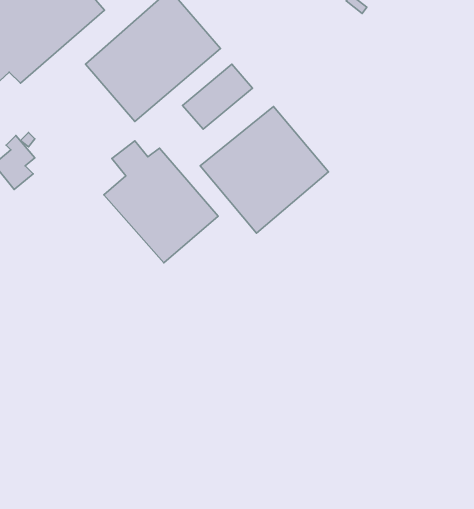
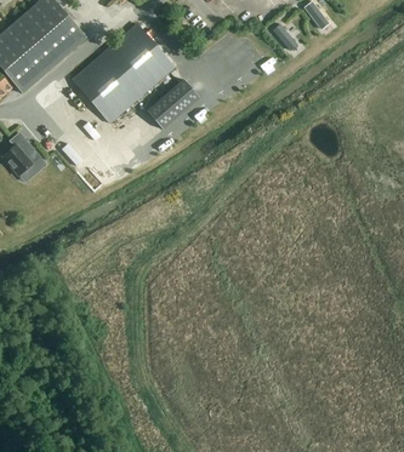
building: [200,107,328,233] -> none
building: [104,141,218,263] -> none

